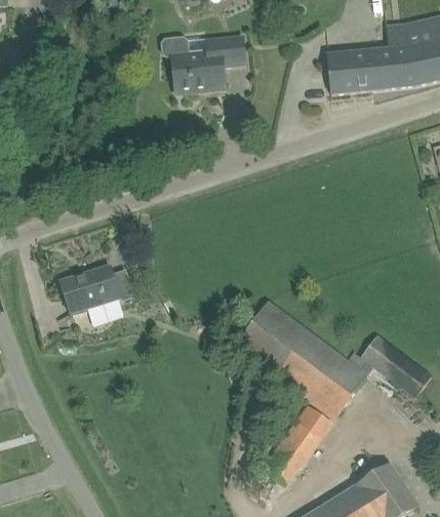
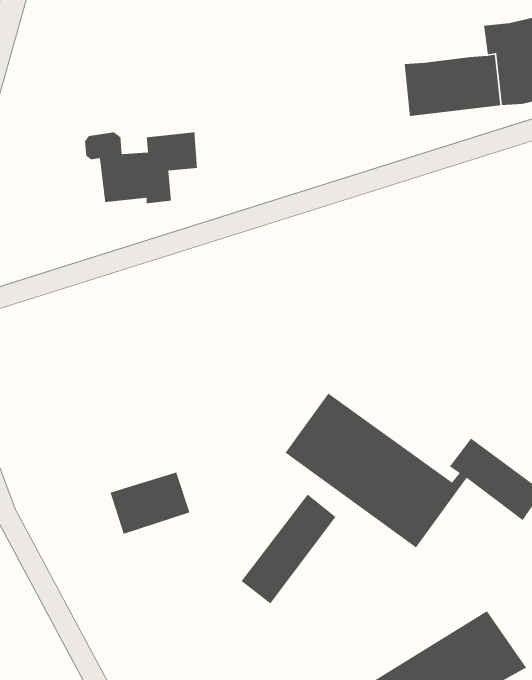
building: [160,36,245,90] -> [84,131,198,204]
building: [59,266,120,313] -> [110,472,190,535]
building: [261,404,332,487] -> [240,493,336,604]

